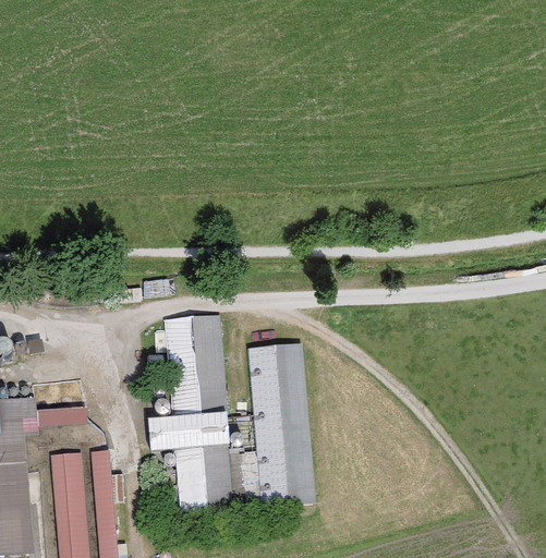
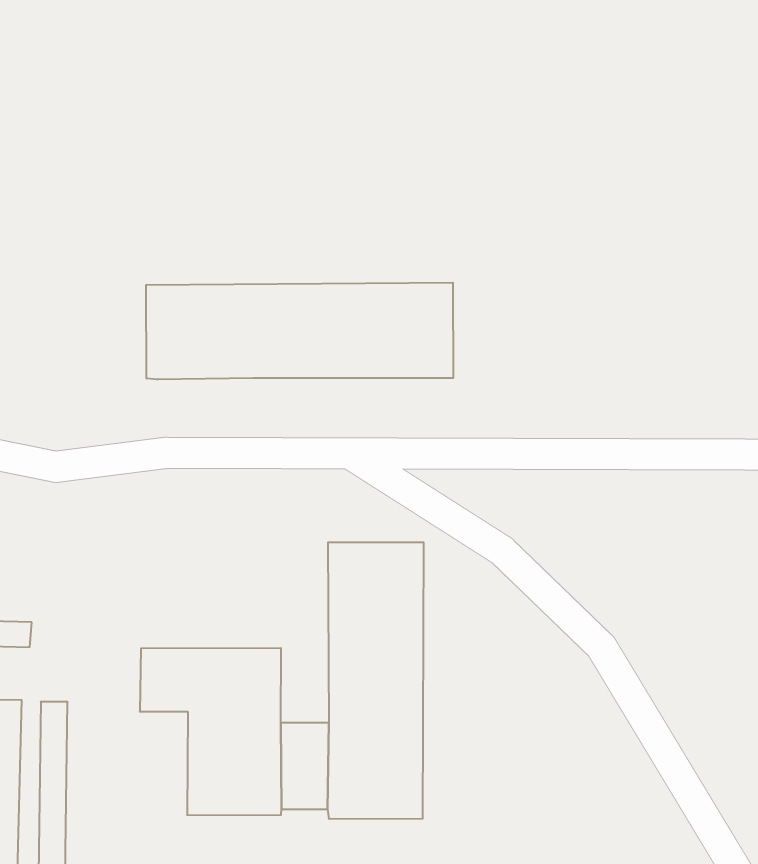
building: none -> [146,283,453,380]
building: [166,316,227,410] -> none

